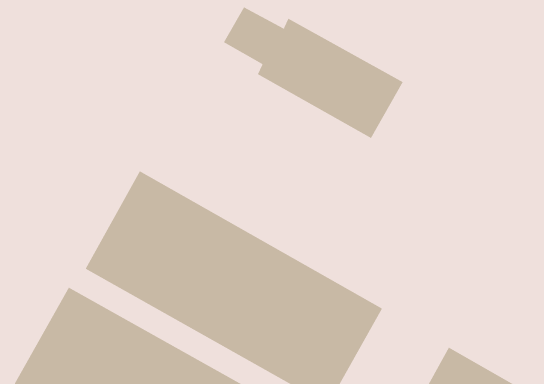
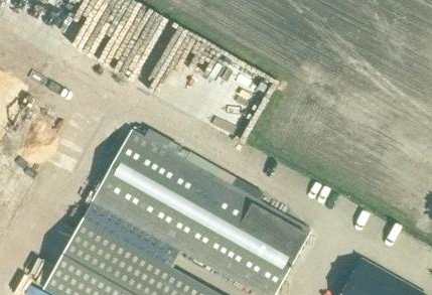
building: [223,7,404,139] -> none

